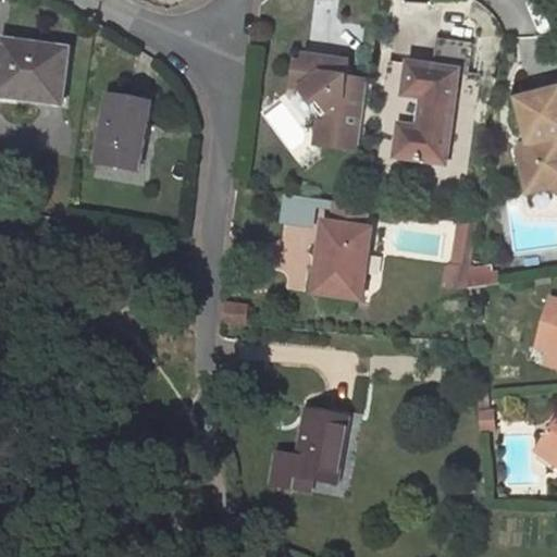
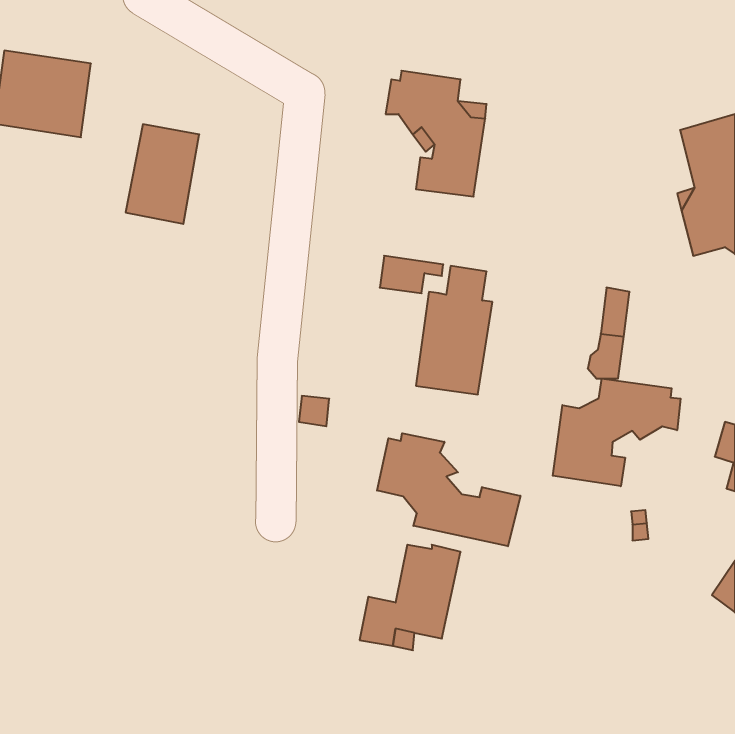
building: [395,61,457,162] -> none
building: none -> [553,379,681,486]
building: none -> [377,433,520,546]

